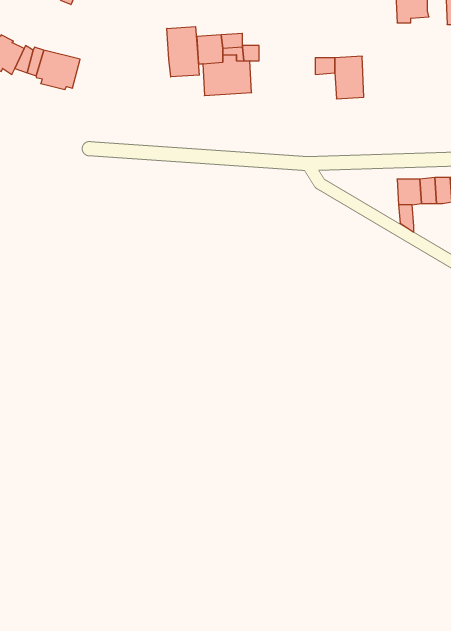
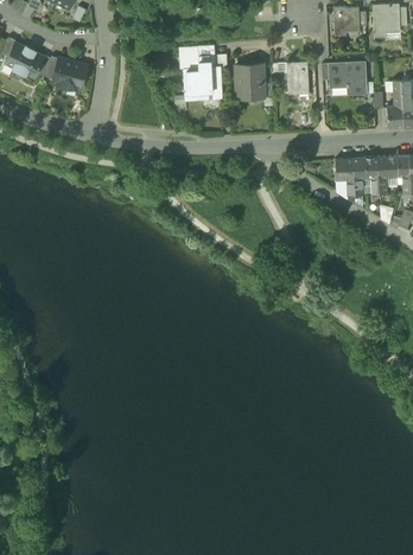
building: [167,27,199,77] -> none
building: none -> [330,63,367,95]
building: none -> [235,65,266,98]

